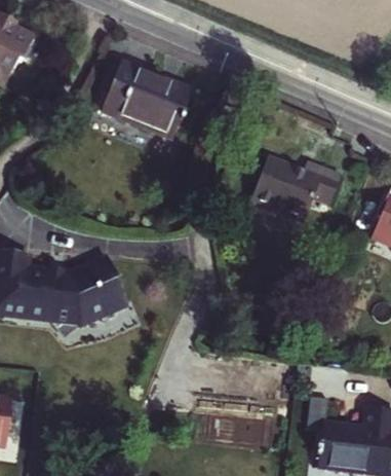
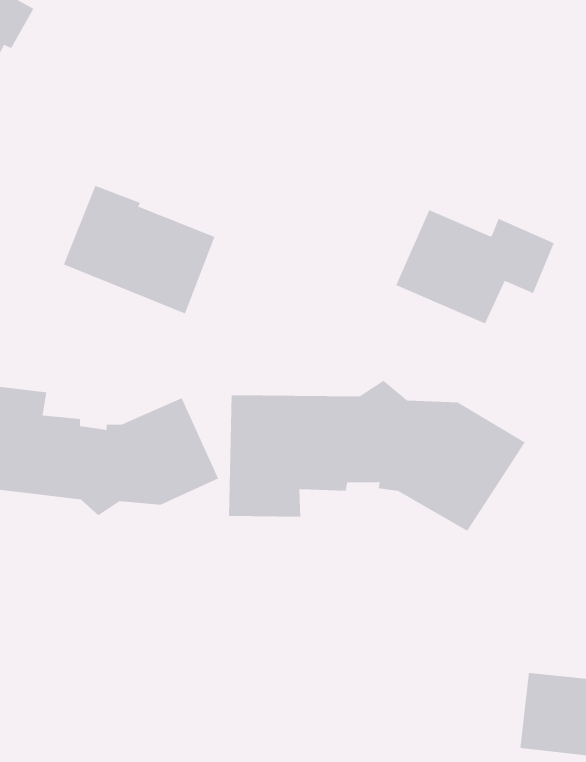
building: [102,63,190,138] -> [63,185,216,314]
building: none -> [228,380,526,532]

